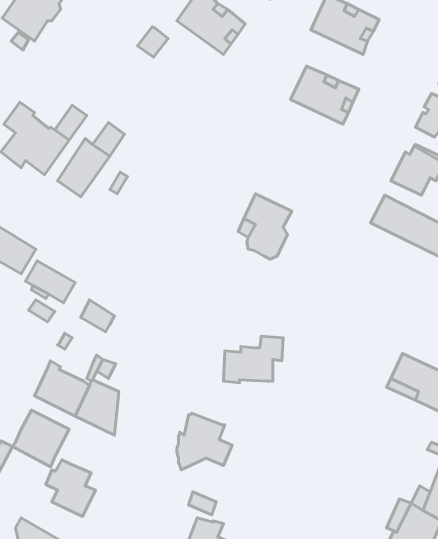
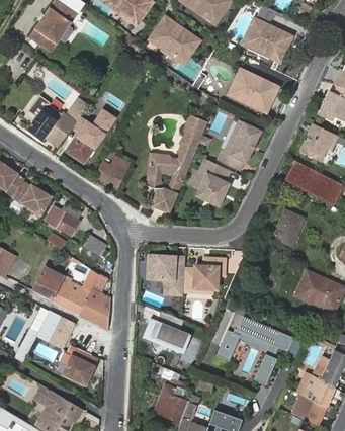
building: none -> [147,116,205,209]
building: none -> [218,121,259,169]
building: none -> [96,155,128,186]
building: none -> [272,209,303,245]
building: none -> [146,255,184,296]
building: none -> [32,266,62,299]
building: none -> [217,315,293,383]

